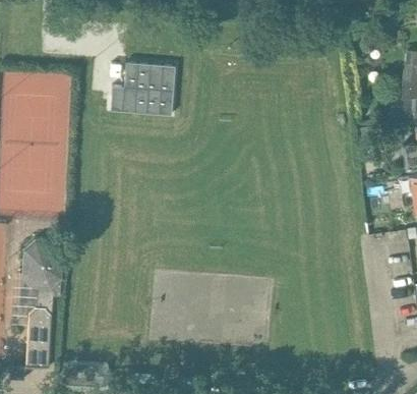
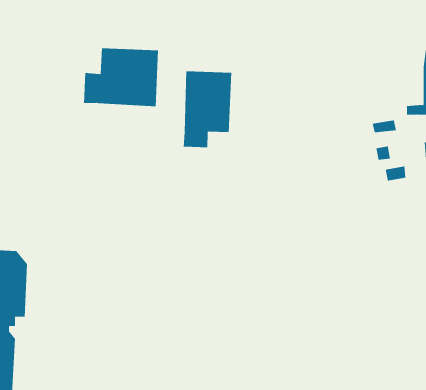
building: none -> [183,70,232,148]

